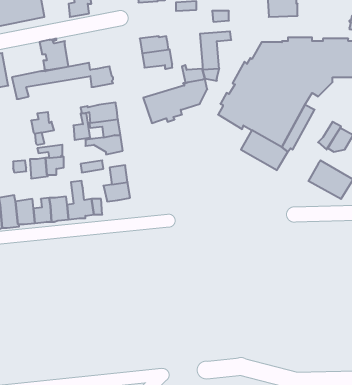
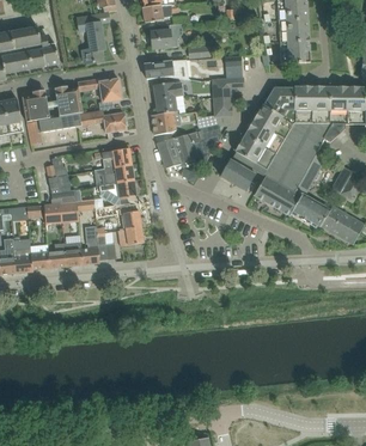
building: none -> [145,59,187,78]
building: none -> [78,78,122,102]
building: none -> [22,88,50,121]
building: none -> [152,110,181,134]
building: none -> [220,159,255,190]
building: none -> [291,193,330,226]

